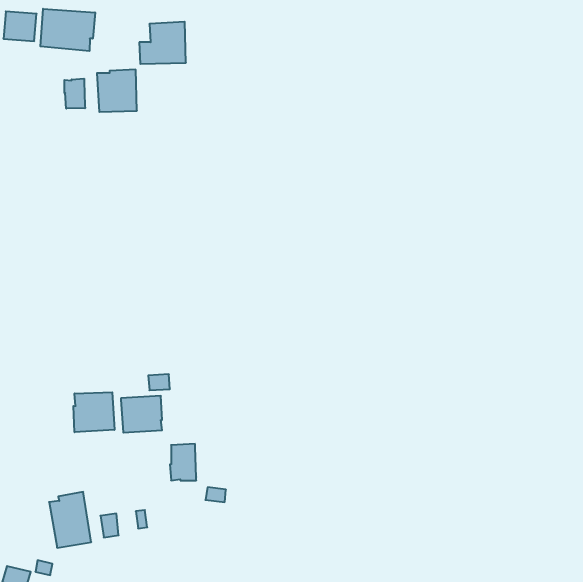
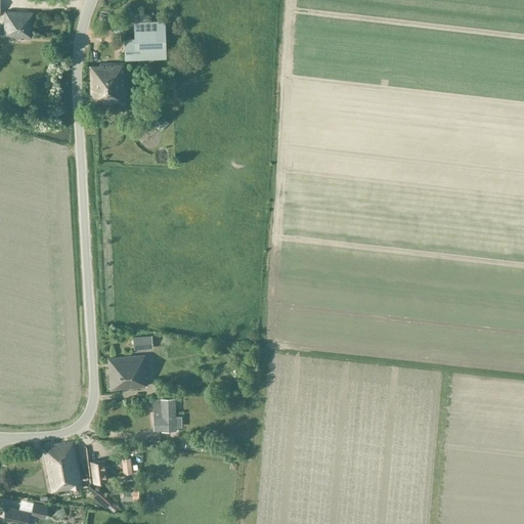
building: [40,9,95,51] -> none
building: [64,79,85,109] -> none
building: [73,392,114,432] -> none

